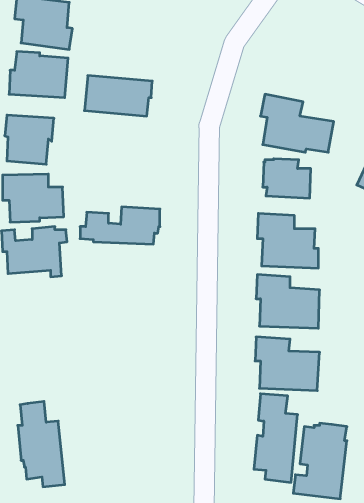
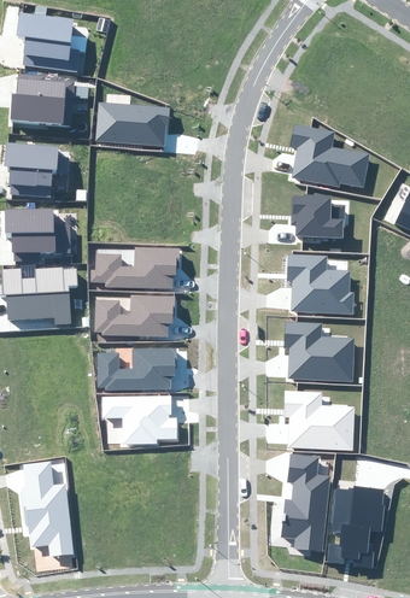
building: none -> [94,297,176,338]
building: none -> [98,348,177,389]
building: none -> [101,395,177,444]

